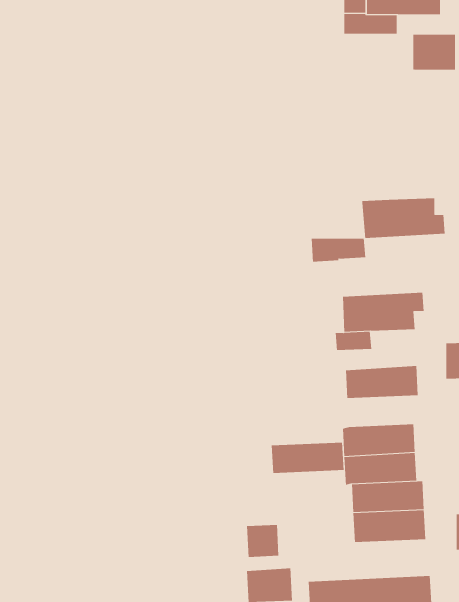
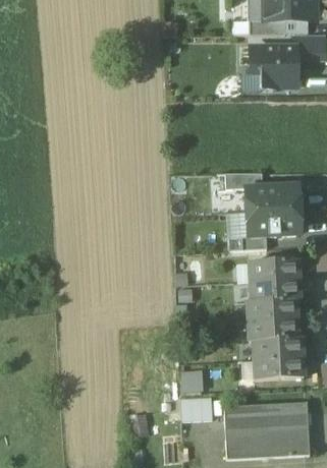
building: none -> [251,47,296,87]
building: [362,198,446,238] -> [244,185,302,213]
building: [271,442,344,474] -> [250,280,299,301]

